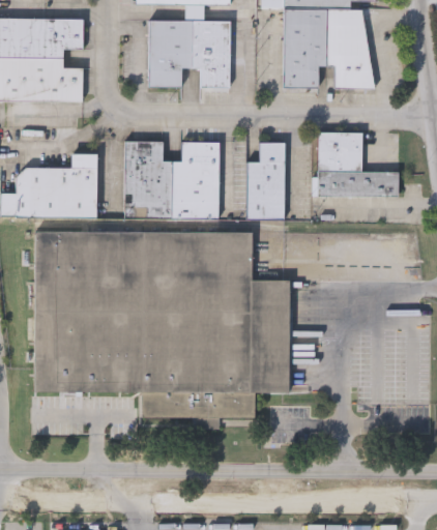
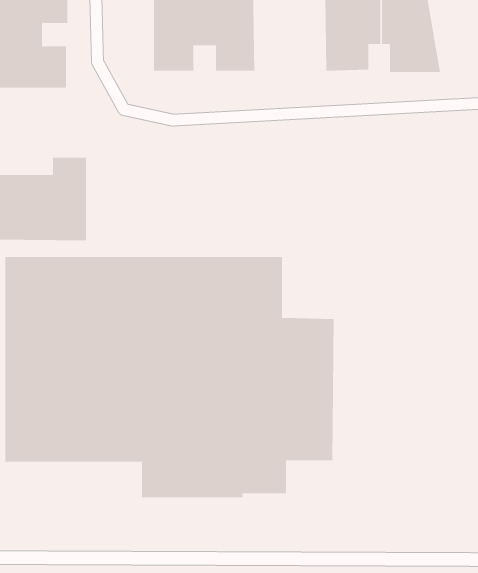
building: [318,132,399,197] -> none
building: [123,142,220,220] -> none
building: [246,144,285,222] -> none

